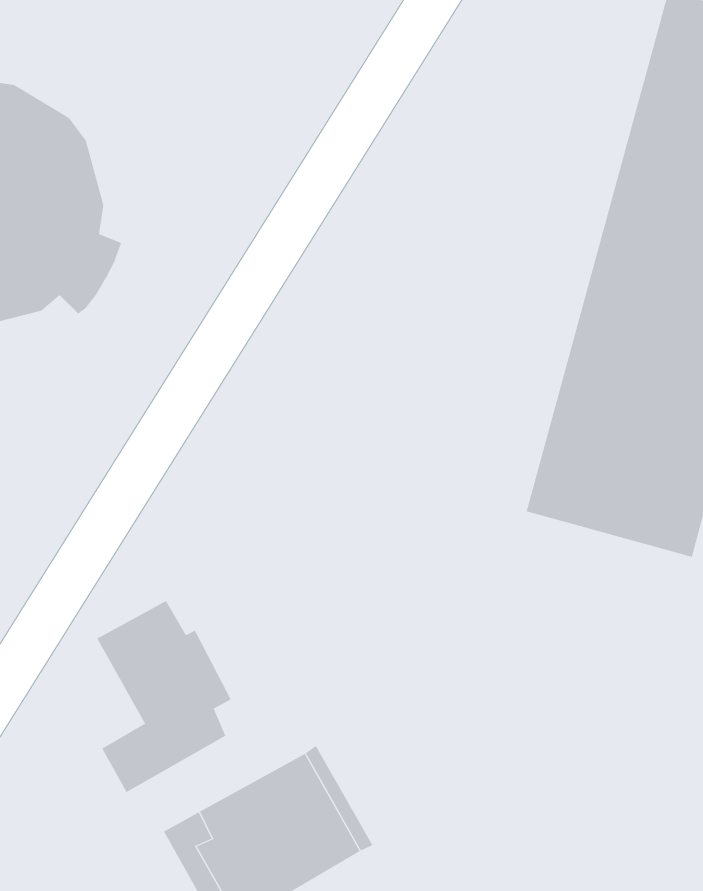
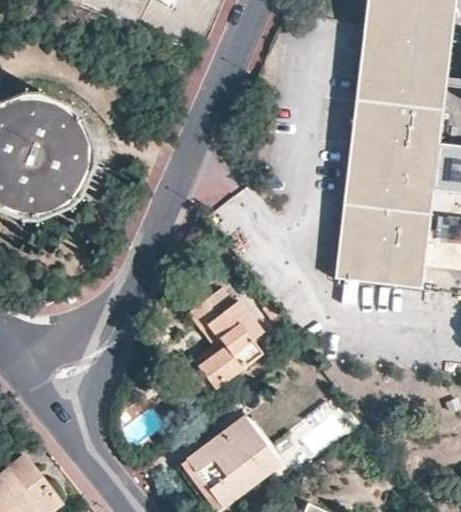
building: [96,600,231,793] -> [187,287,261,389]

